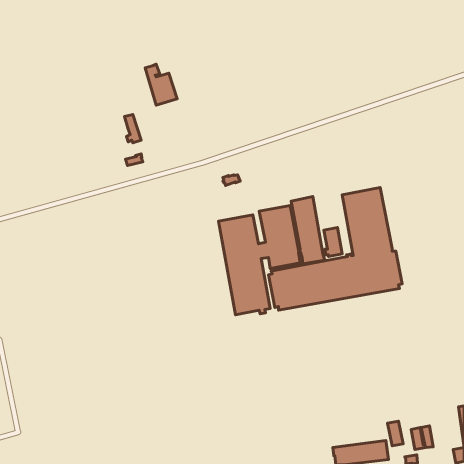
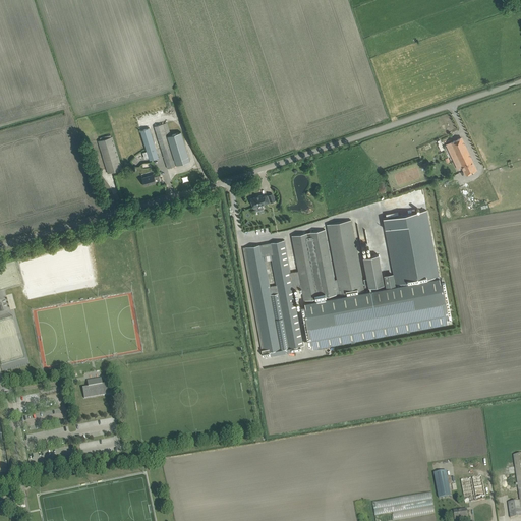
building: [145,64,177,105] -> [154,123,189,169]
building: none -> [97,136,121,174]
building: none -> [446,139,475,175]
building: none -> [81,380,109,400]

